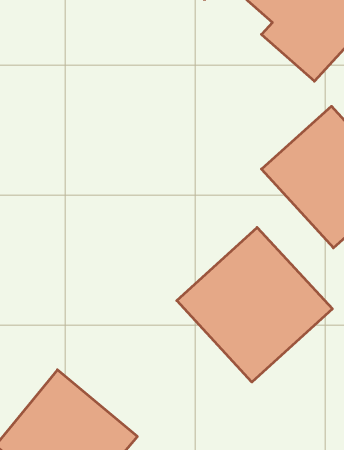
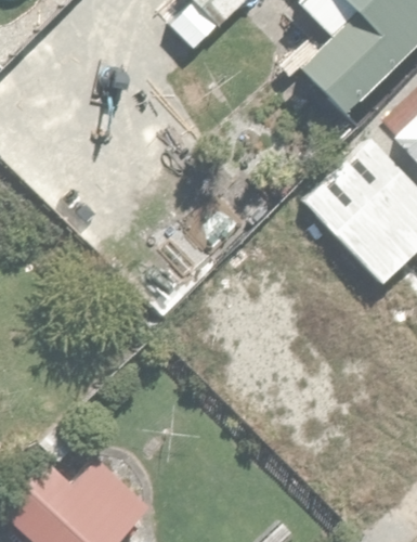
building: [177,227,332,382] -> none

